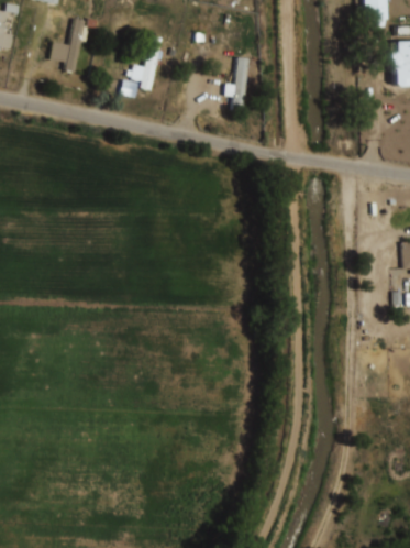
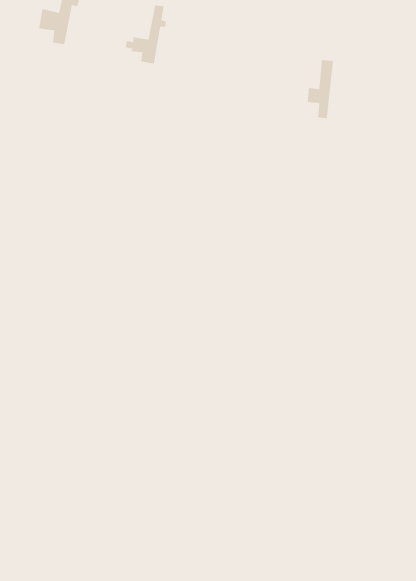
building: [225,57,248,109] -> [307,59,334,119]

